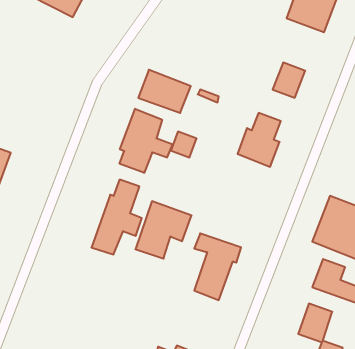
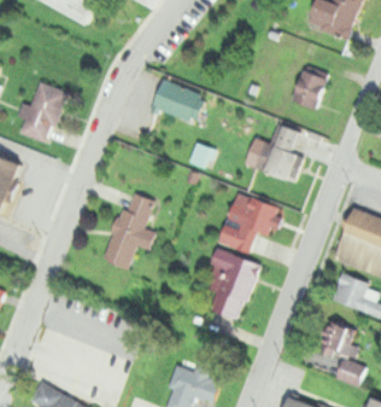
building: none -> [20,82,65,144]
building: [120,109,172,173] -> none
building: [135,201,192,259] -> [219,193,277,252]

